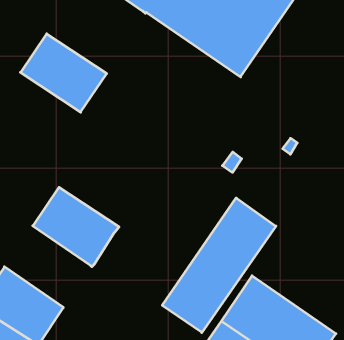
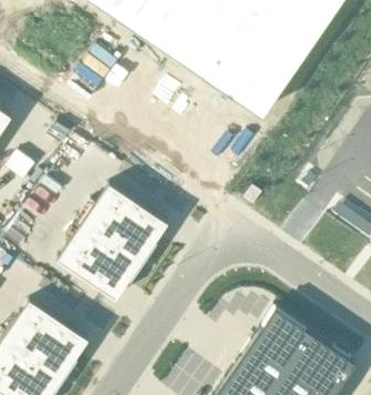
building: [20,34,107,112] -> [83,185,168,262]
building: [162,198,276,333] -> none

